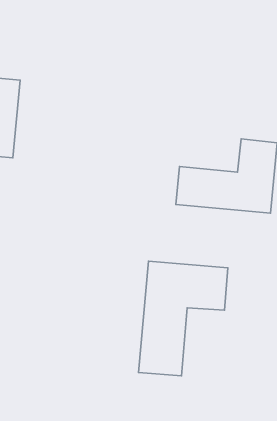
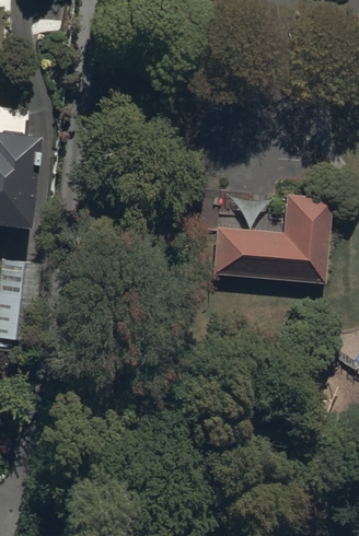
building: [139,261,228,376] -> none

